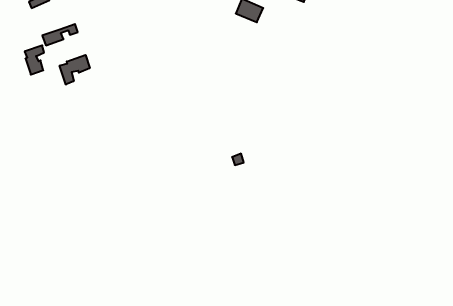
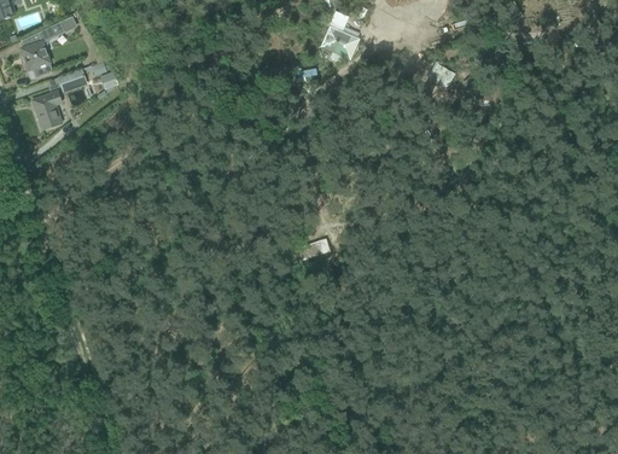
building: none -> [23,42,59,77]
building: [60,55,90,85] -> none

